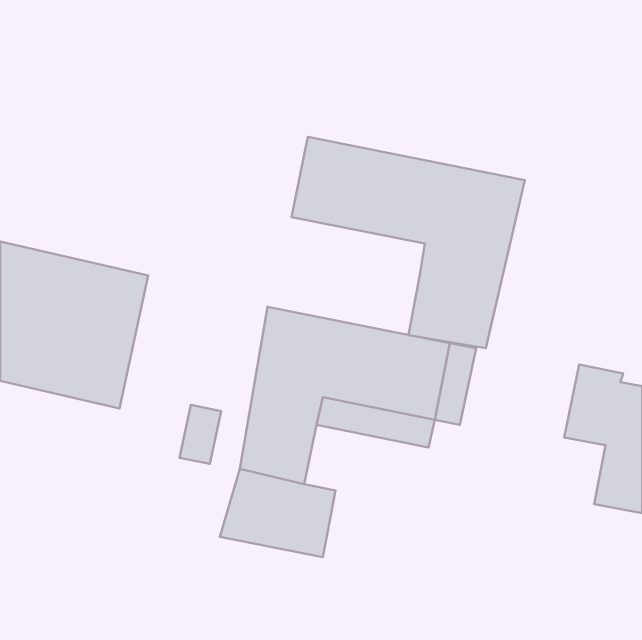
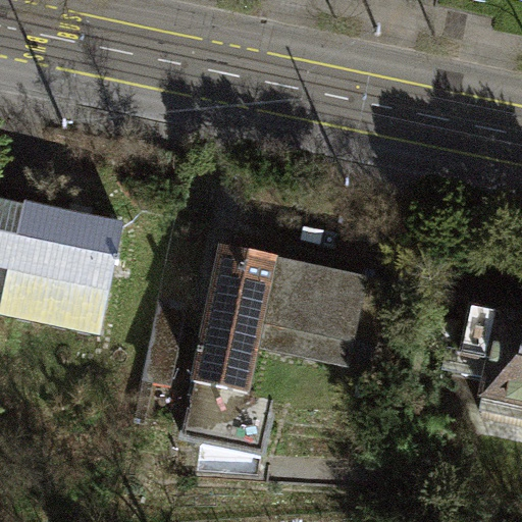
building: [292,137,525,348] -> none

